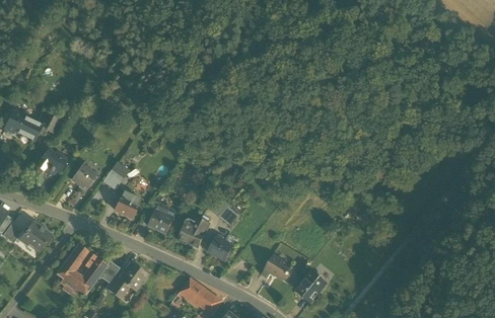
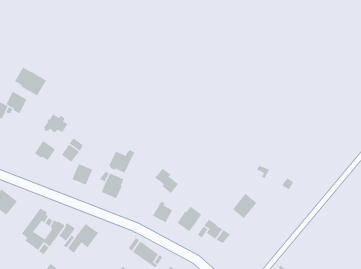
building: none -> [14,67,47,96]
building: [37,149,66,172] -> [43,114,68,134]
building: [179,219,210,247] -> [108,149,135,173]
building: none -> [177,206,202,232]
building: [297,271,327,302] -> [232,193,257,219]

